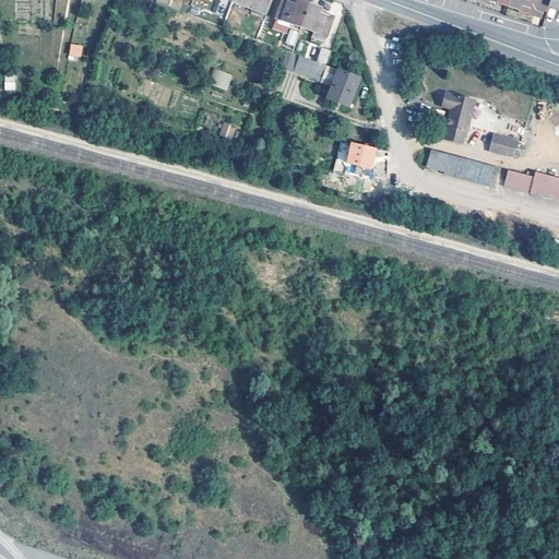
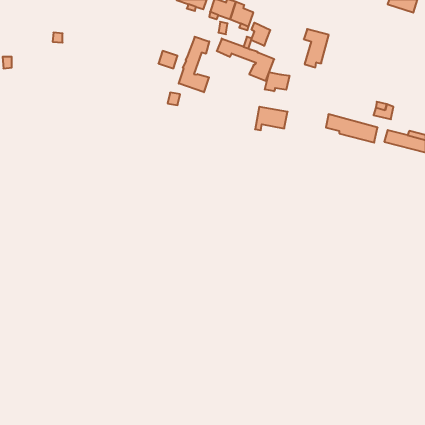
building: none -> [251,23,270,46]
building: none -> [179,37,209,92]
building: [442,93,475,143] -> [304,29,329,67]
building: none -> [265,72,289,91]

